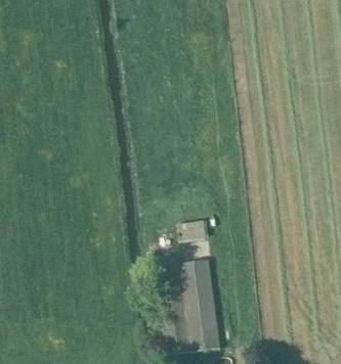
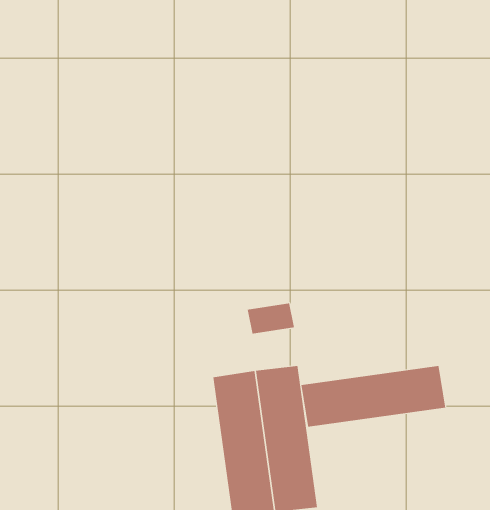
building: none -> [301,365,446,428]

